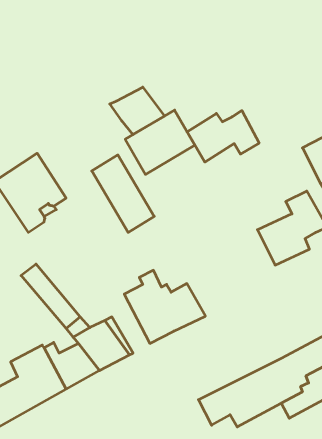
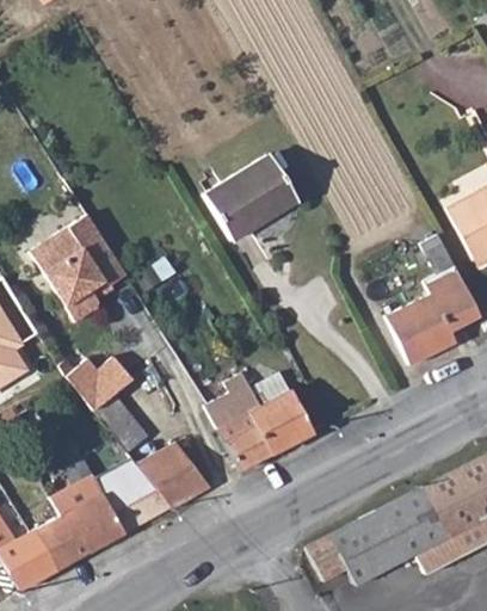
building: [110,87,164,135] -> none
building: [187,111,259,162] -> none
building: [92,155,154,232] -> none

